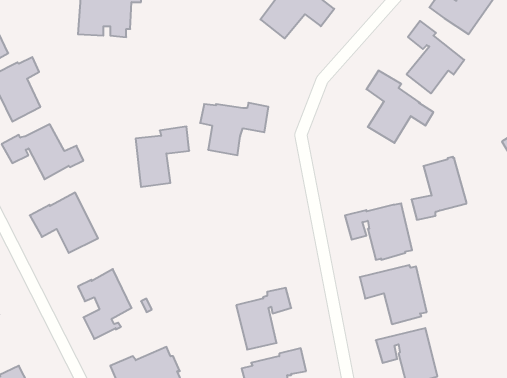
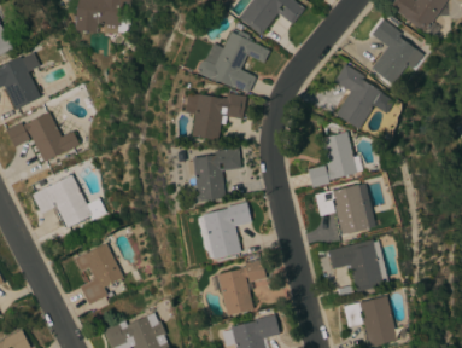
building: none -> [198,30,270,93]
building: [136,127,189,187] -> [193,147,241,202]
building: [411,157,466,220] -> [308,130,357,187]
building: none -> [203,202,252,259]

